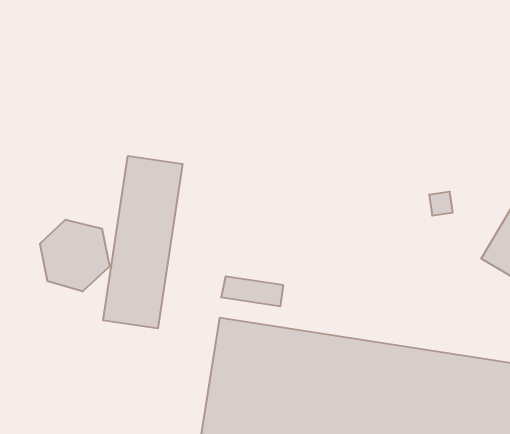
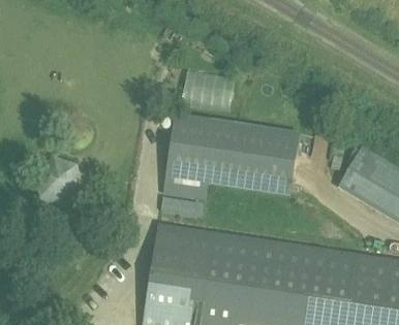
building: none -> [164,110,299,195]
building: [103,156,183,328] -> none

